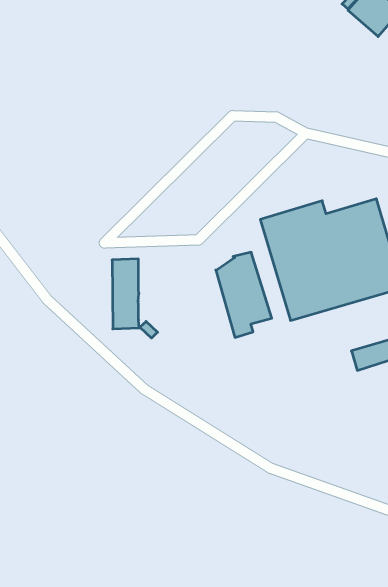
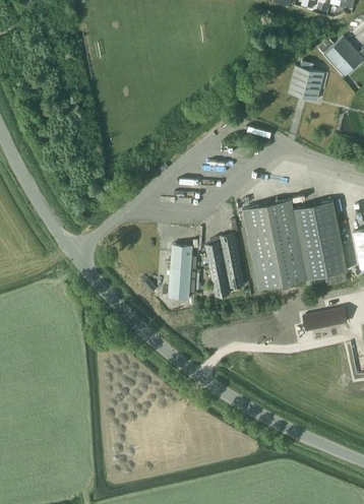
building: none -> [289,60,324,100]
building: [112,259,139,329] -> [169,244,193,298]

